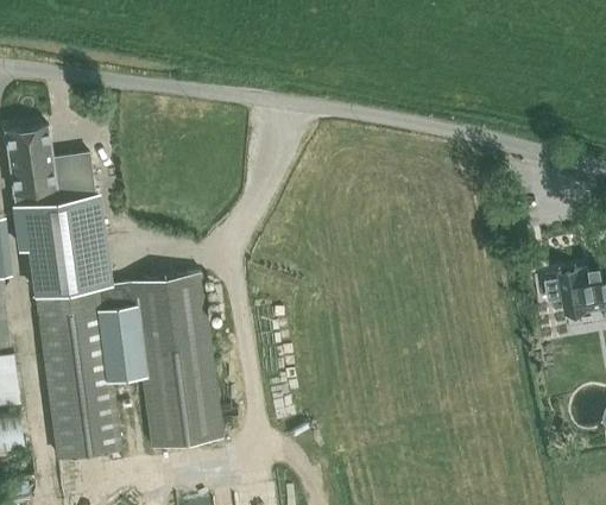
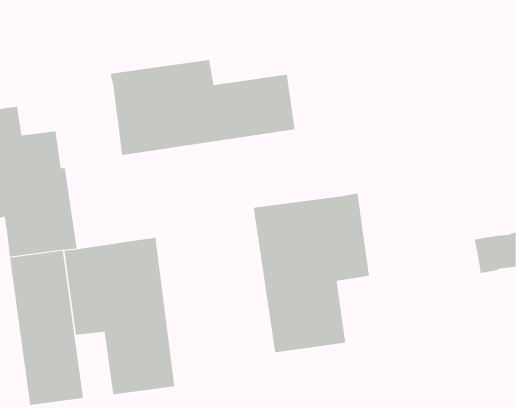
building: none -> [110,59,295,156]
building: none -> [253,193,369,353]

